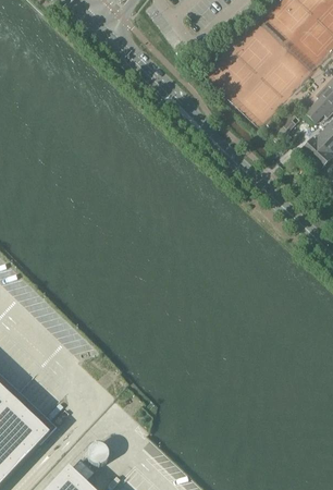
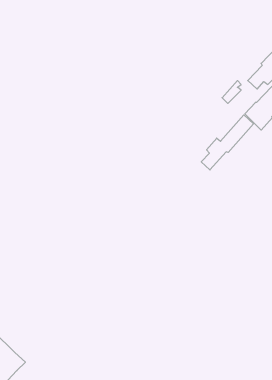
building: none -> [201,115,253,170]

